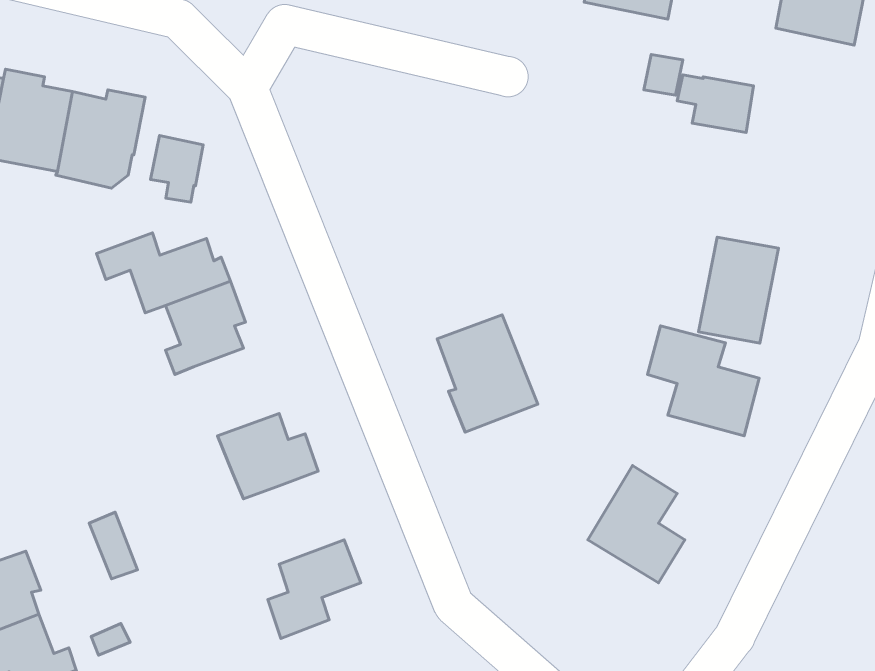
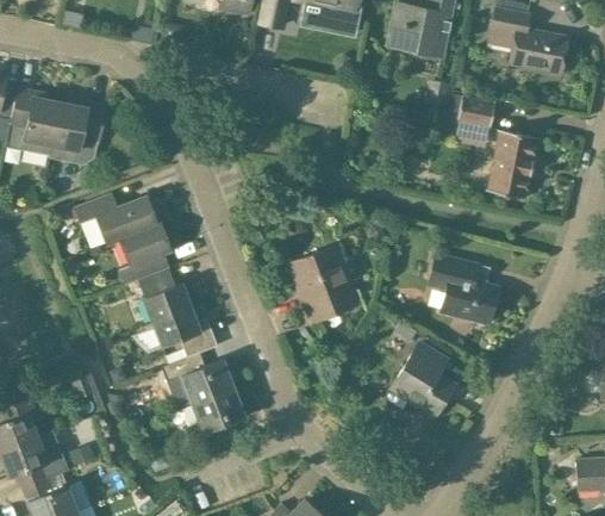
building: [151,136,203,202] -> none
building: [698,237,778,343] -> [487,131,538,199]
building: none -> [138,268,193,324]
building: none -> [162,356,236,406]

